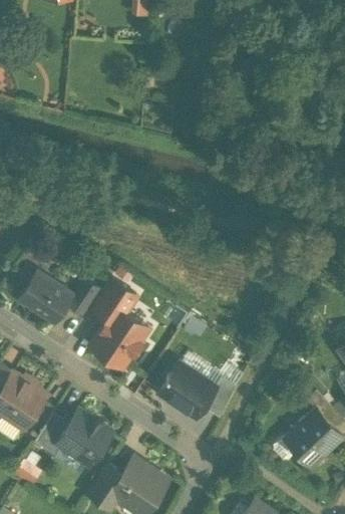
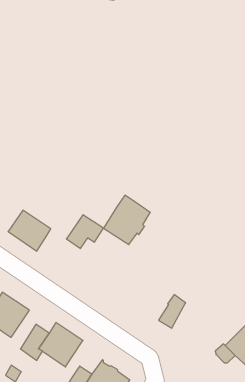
building: [67,279,99,313] -> none
building: [91,306,148,366] -> [103,195,150,245]
building: [160,363,216,417] -> none

